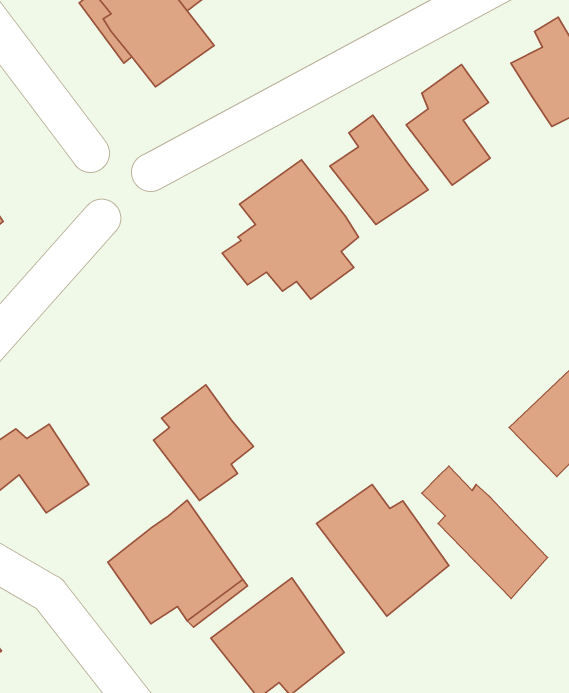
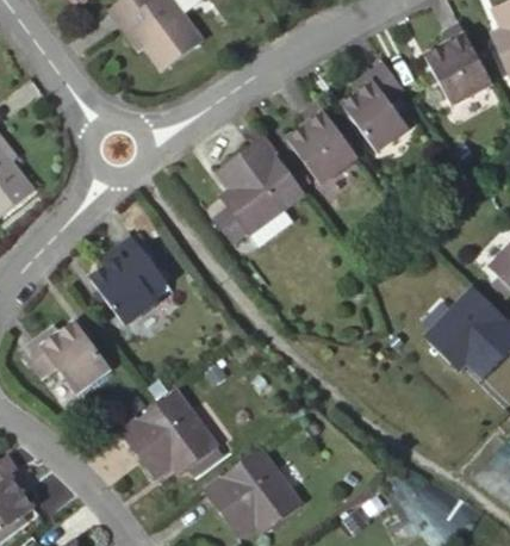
building: [153,385,253,500] -> [86,240,161,327]
building: [422,466,548,598] -> none
building: [317,485,449,616] -> none

